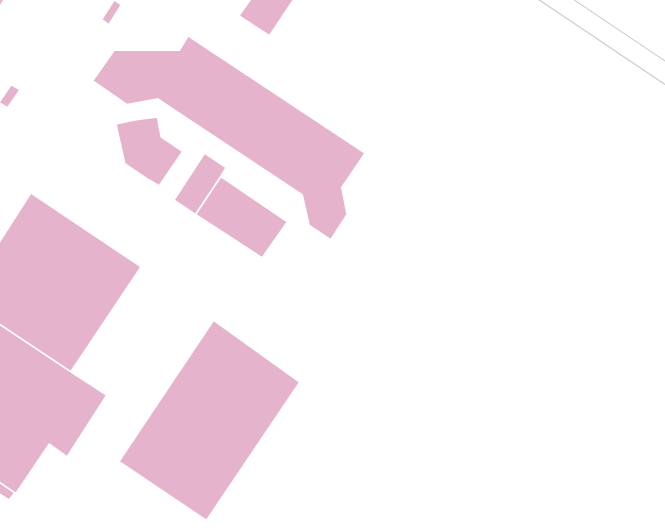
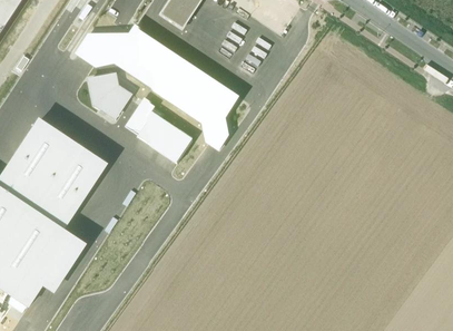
building: [119,320,300,520] -> none

